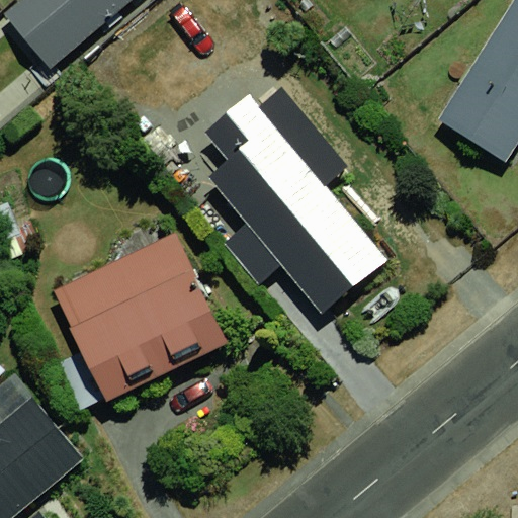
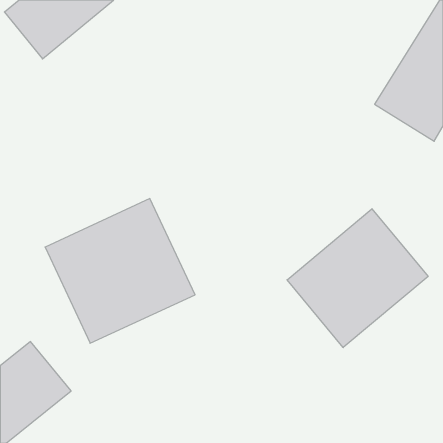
building: [205,96,385,313] -> none
building: none -> [287,209,428,348]

